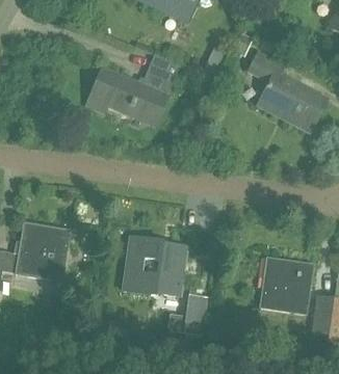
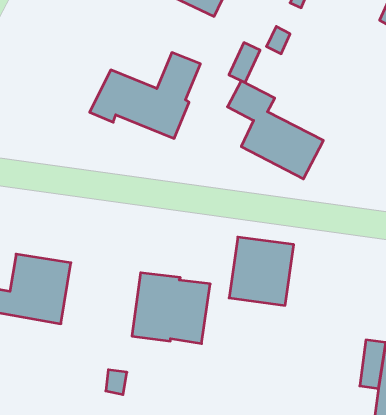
building: [246,49,327,131] -> [227,81,323,179]
building: [259,256,313,313] -> [229,237,294,305]
building: [167,304,204,335] -> none

